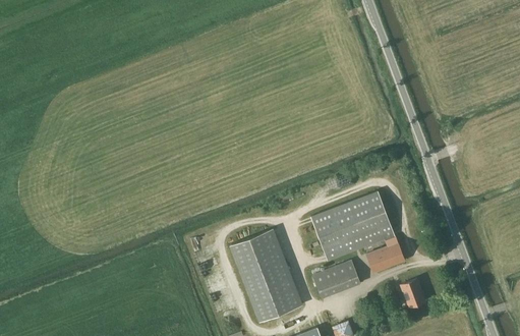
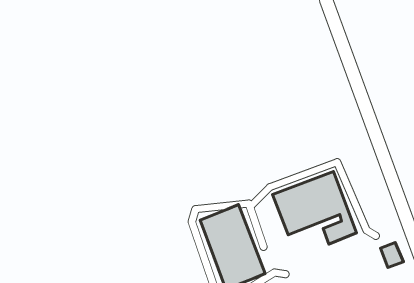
building: [312,260,360,298] -> none
building: [400,279,425,306] -> [381,243,404,267]

